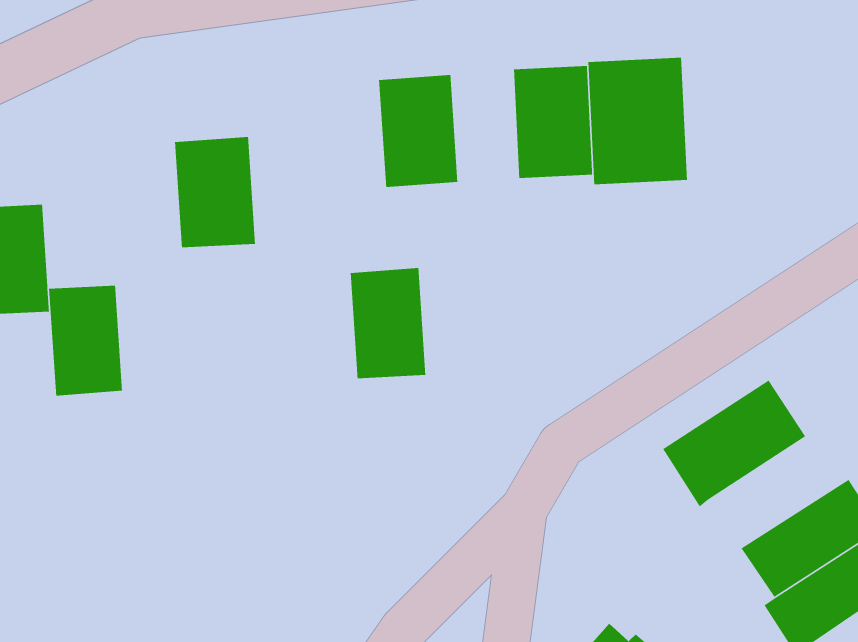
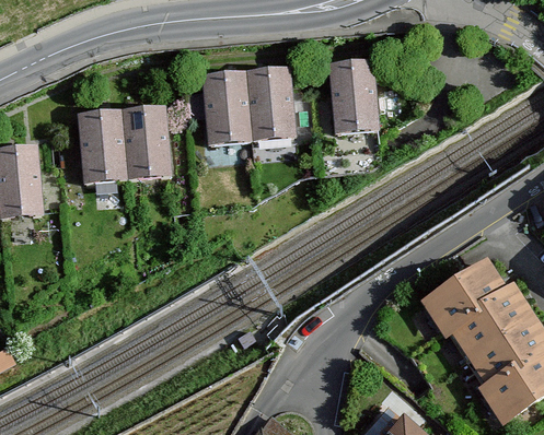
building: [588,57,688,185] -> none
building: [350,267,426,379] -> [202,71,250,140]
building: [48,285,123,397] -> [78,109,124,178]
building: none -> [449,286,535,360]

